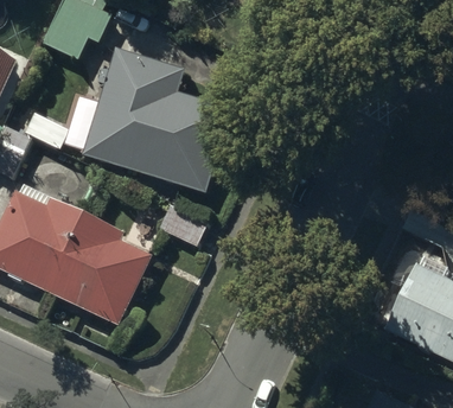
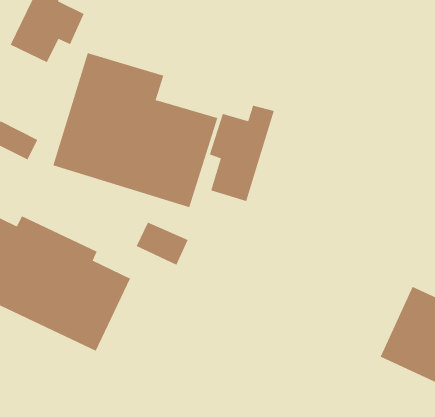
building: none -> [209,105,275,202]

